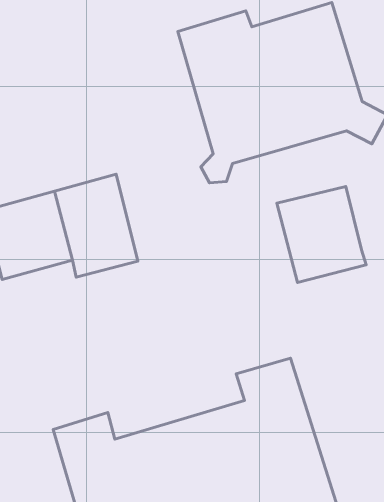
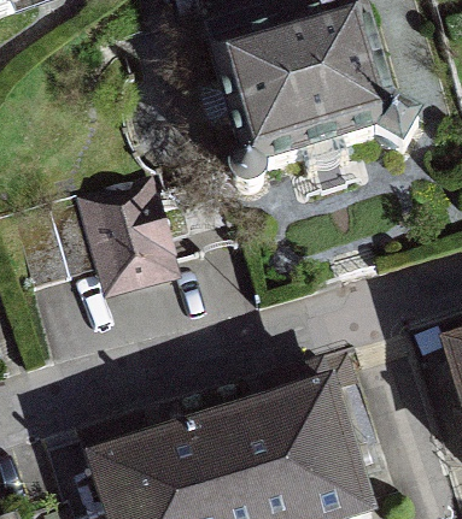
building: [277,186,366,282] -> none

